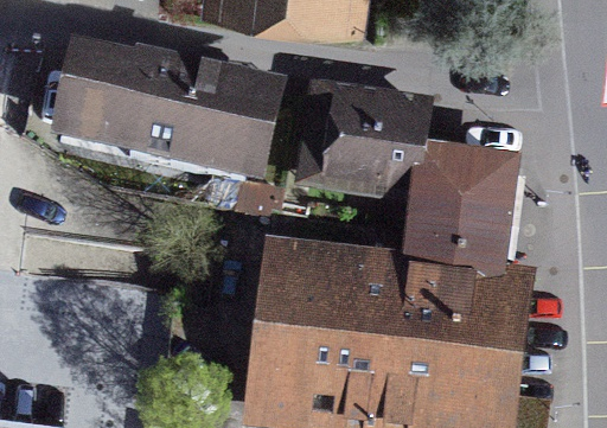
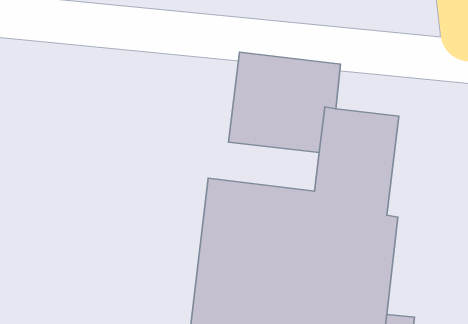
building: [68,65,264,184] -> none

